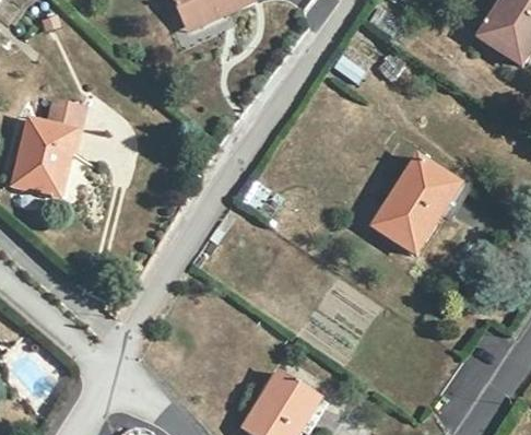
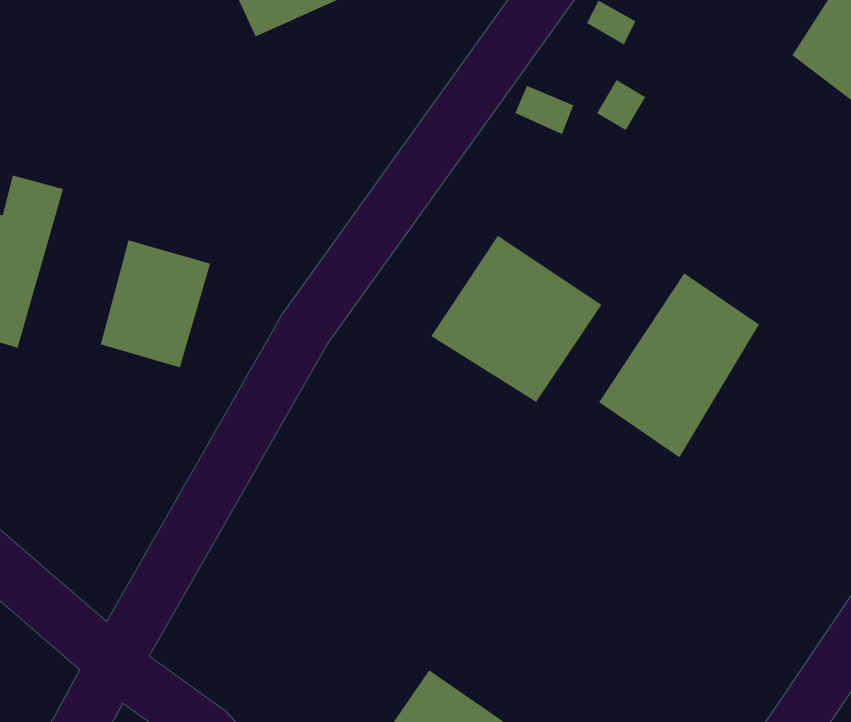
building: none -> [431,235,602,403]
building: none -> [100,240,211,368]

